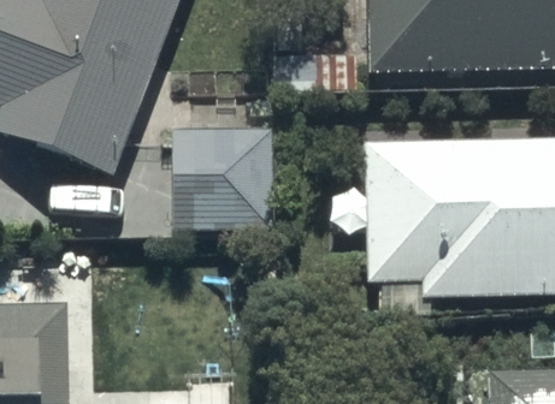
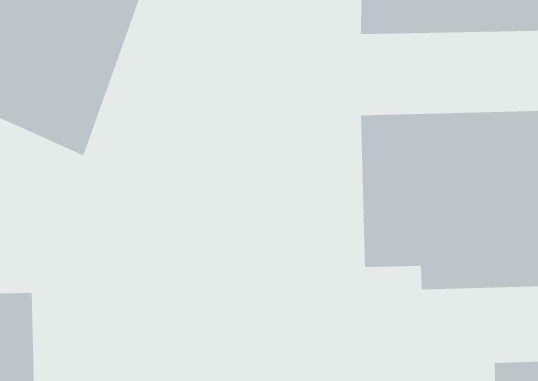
building: [171,126,273,226] -> none

